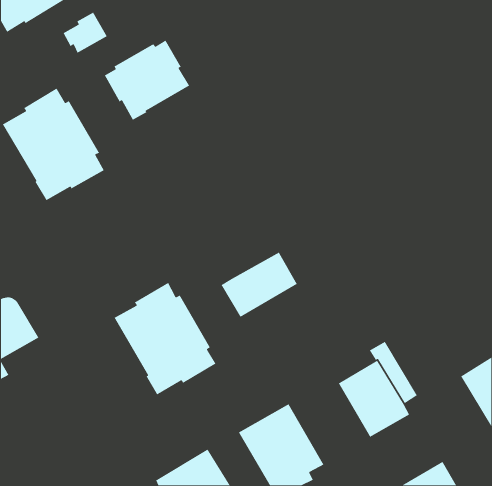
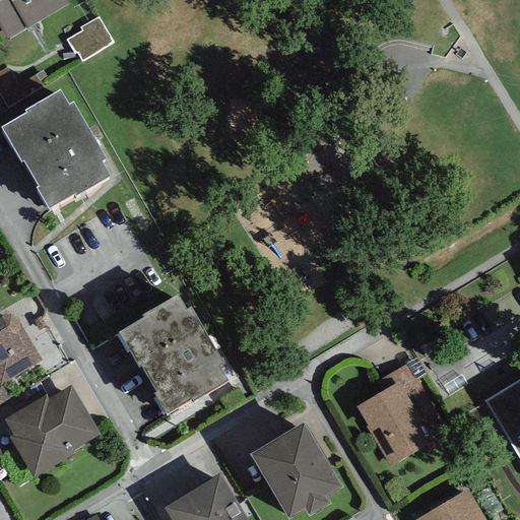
building: [104,39,190,121] -> none
building: [221,252,298,318] -> none
building: none -> [4,383,100,475]

